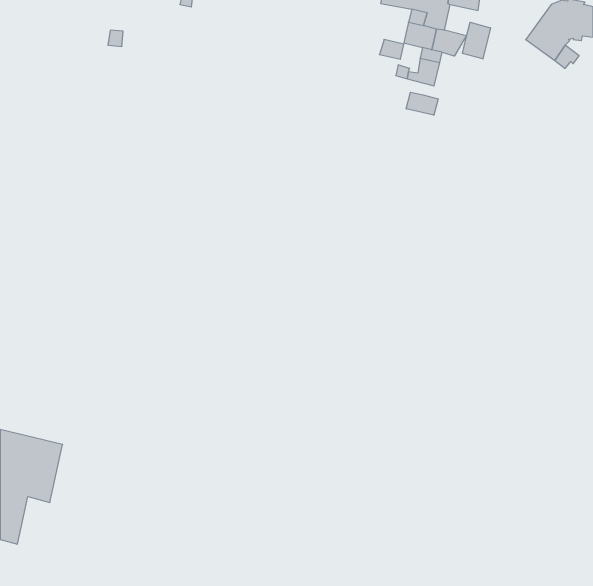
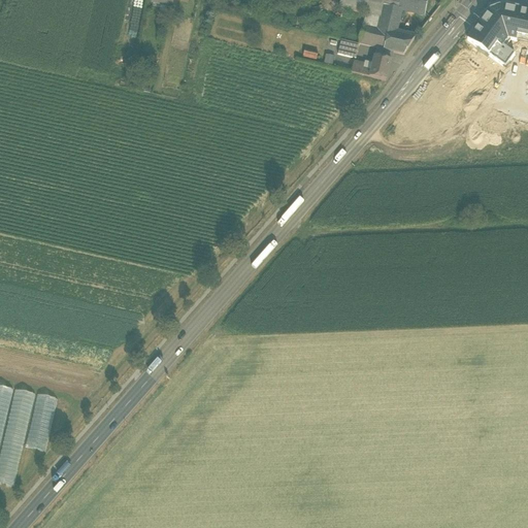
building: [462,22,491,59] -> none
building: [406,92,438,115] -> none

